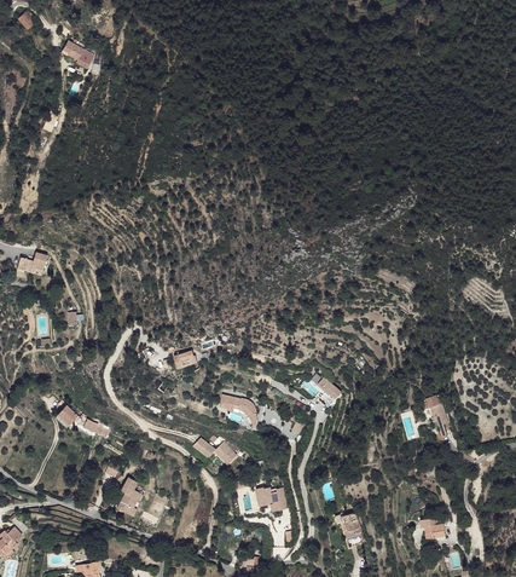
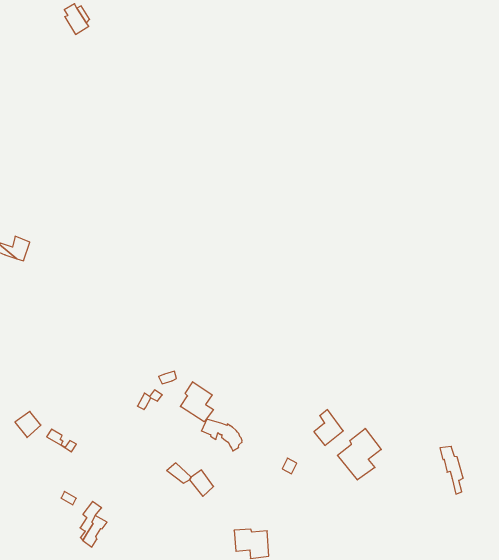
building: none -> [180,382,213,422]
building: none -> [337,428,381,480]

